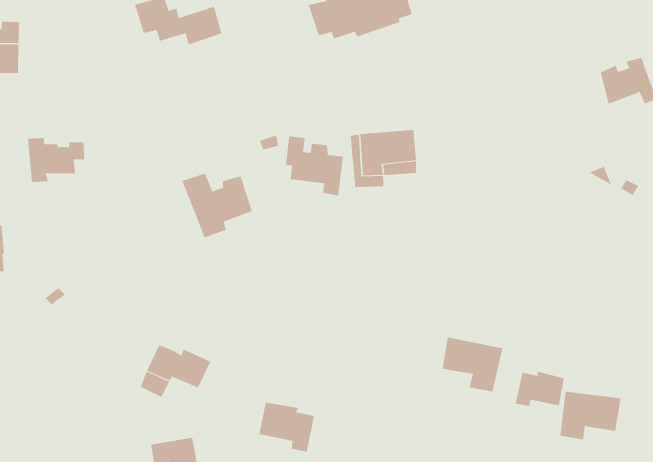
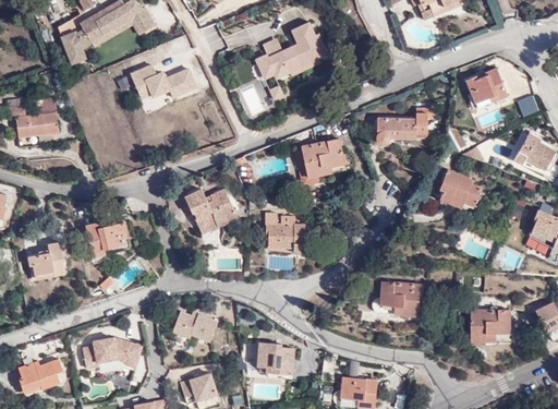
building: none -> [375,108,433,144]
building: [285,136,344,196] -> [266,217,306,255]
building: [27,137,85,183] -> [86,221,129,254]
building: none -> [439,169,481,208]
building: none -> [83,336,142,366]
building: [515,371,565,407] -> none

